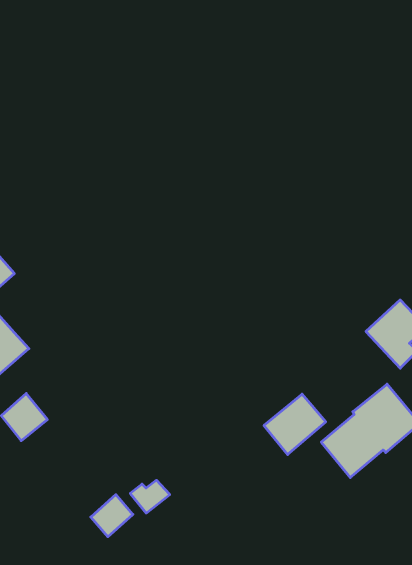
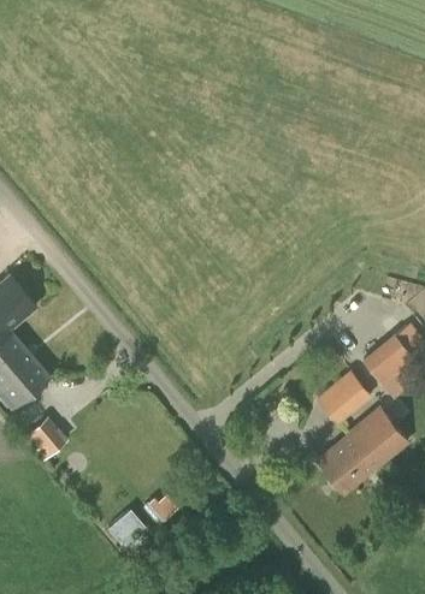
building: [264,394,326,455] -> [315,372,372,427]

